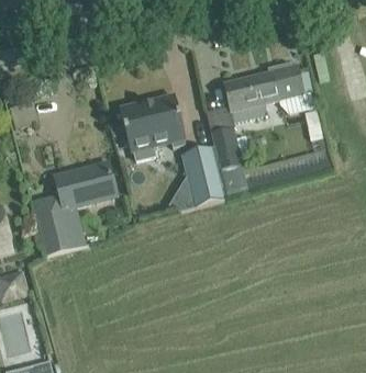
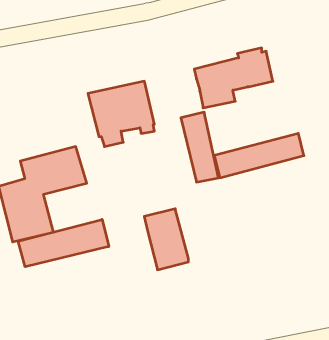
building: [181,145,225,205] -> [144,209,188,270]
building: none -> [18,219,109,267]

